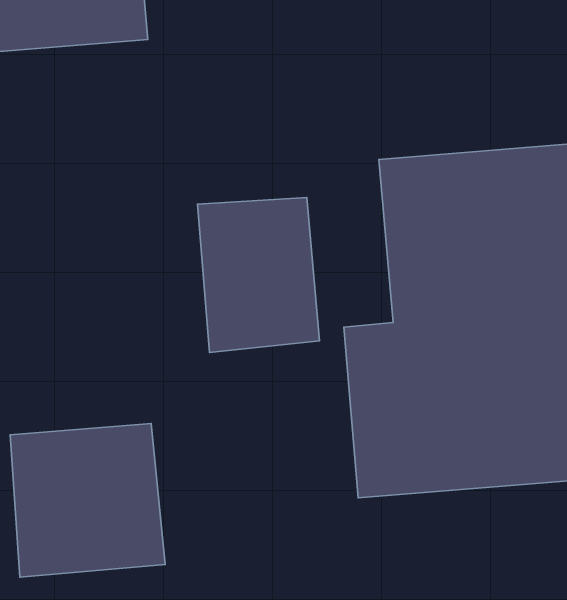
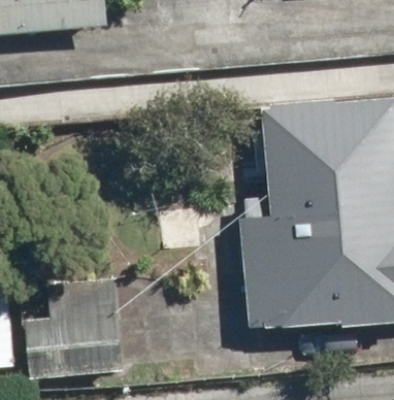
building: [197,198,319,353] -> none

